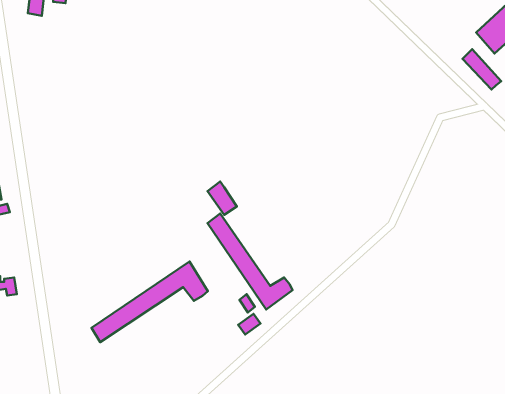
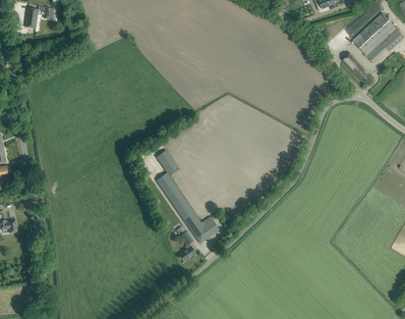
building: [92,261,208,342] -> none

